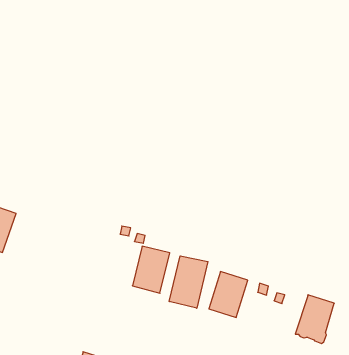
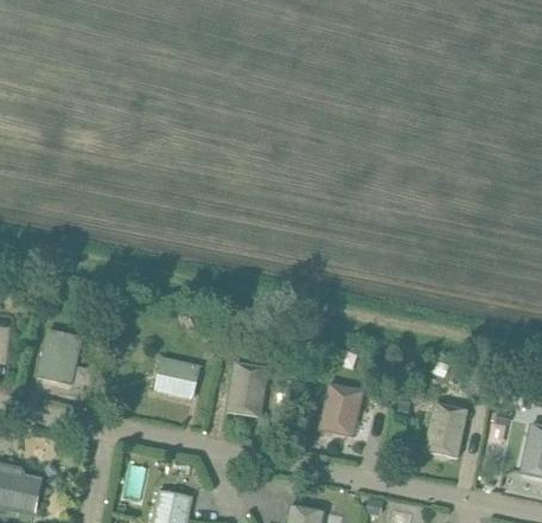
building: none -> [157,358,199,400]
building: [169,256,208,308] -> none

